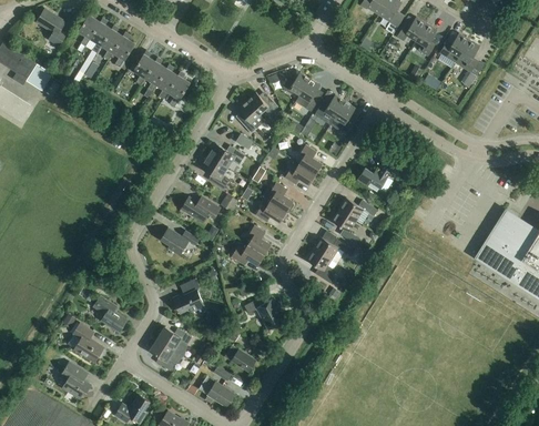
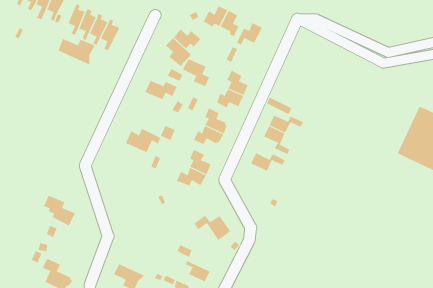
building: none -> [58,38,95,66]
building: [330,101,356,134] -> none
building: [201,155,230,189] -> [182,59,210,87]
building: [358,158,397,191] -> none
building: [161,227,199,254] -> none
building: [306,247,336,283] -> none
building: [174,277,204,312] -> none
building: [93,295,128,332] -> [43,195,76,226]
building: [157,326,192,355] -> none

